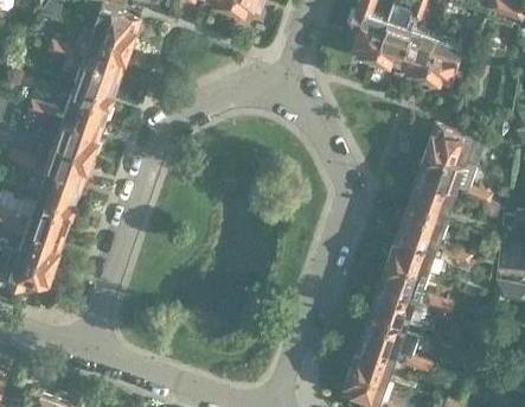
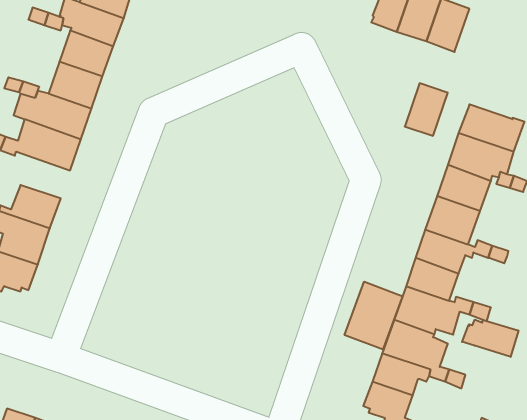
building: [424,40,462,87] -> [405,83,448,136]
building: [36,166,85,208] -> none
building: none -> [345,282,403,350]
building: none -> [462,320,518,357]

